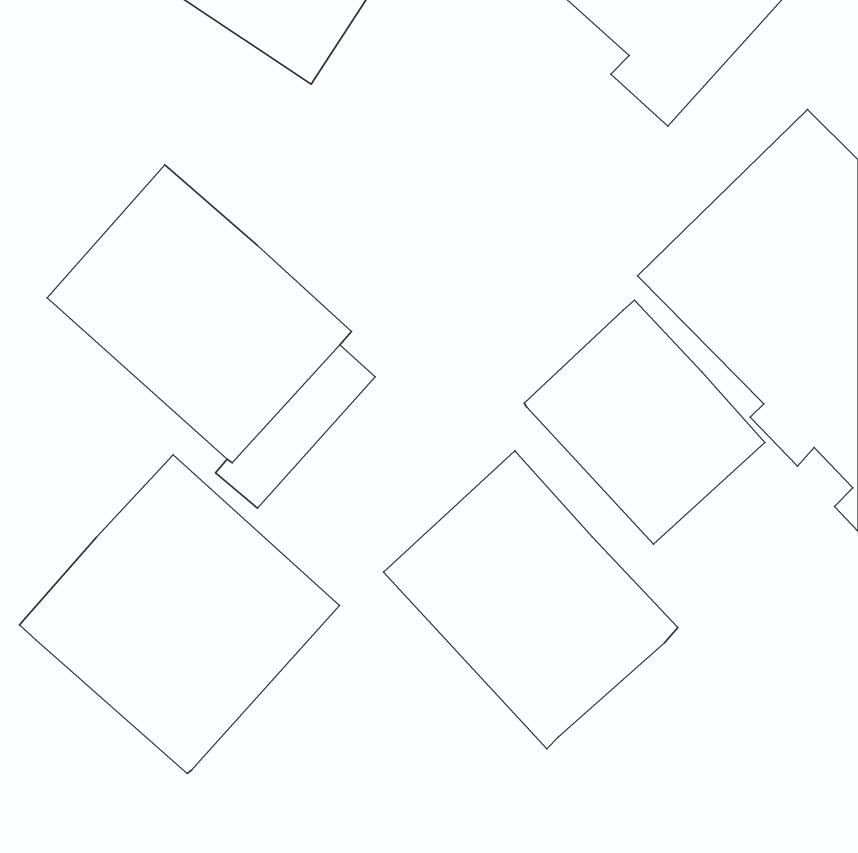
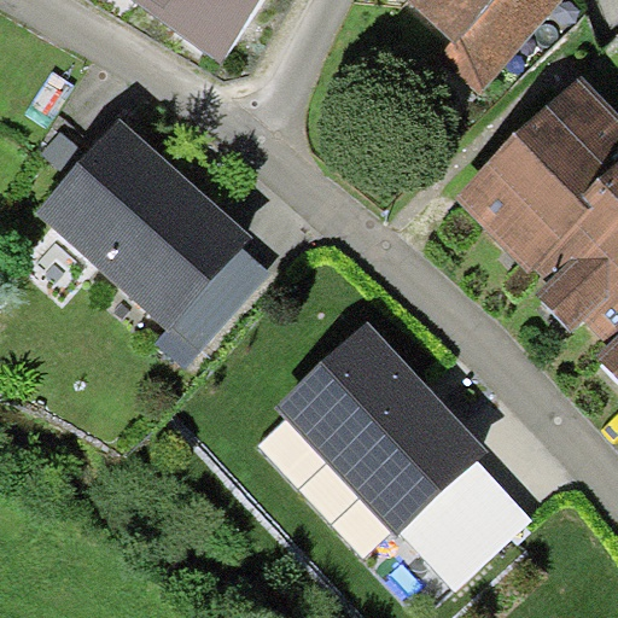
building: [524,300,765,544] -> none
building: [19,455,339,774] -> none
building: none -> [401,461,530,588]

